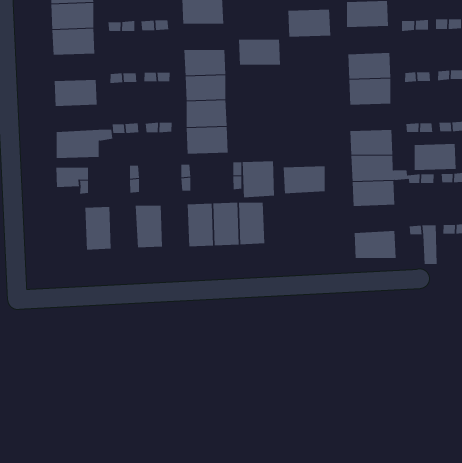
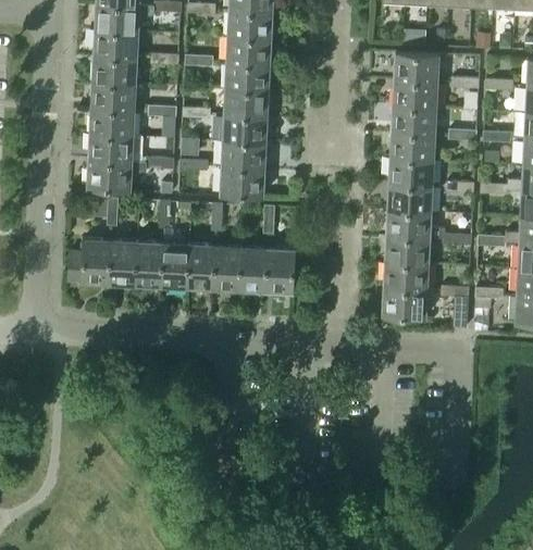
building: [287,9,331,37] -> [393,79,437,109]
building: [238,39,281,65] -> [226,62,270,91]
building: none -> [91,83,136,111]
building: none -> [89,135,145,162]
building: [414,144,456,171] -> [388,159,433,187]
building: [242,160,275,198] -> none
building: [283,166,325,194] -> [384,262,429,290]
building: none -> [188,245,216,289]
building: none -> [136,241,163,286]
building: none -> [69,239,112,284]

